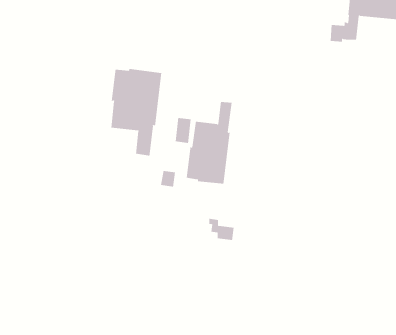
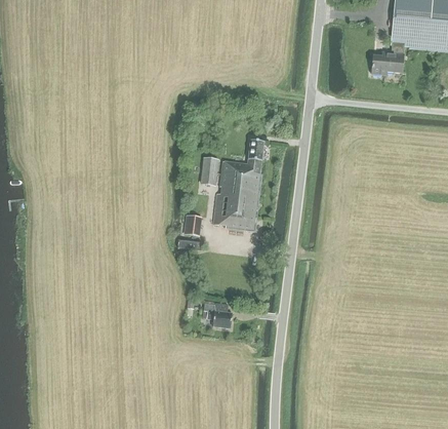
building: [111,68,162,156] -> none
building: [209,218,235,240] -> [203,303,232,327]

